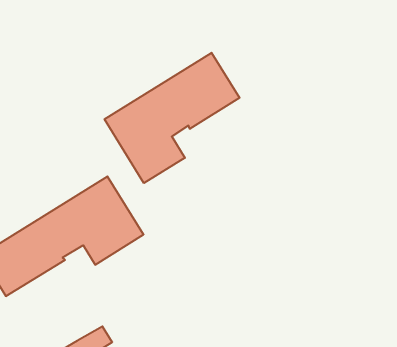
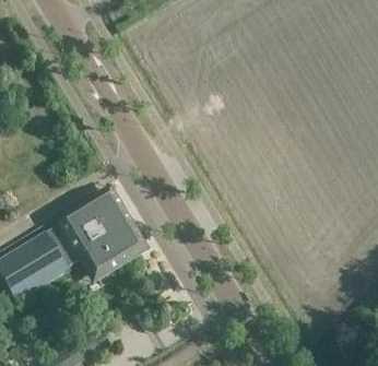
building: [105,53,240,183] -> none

